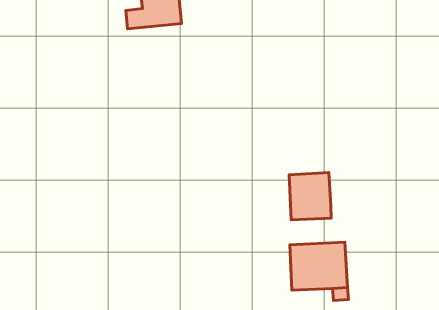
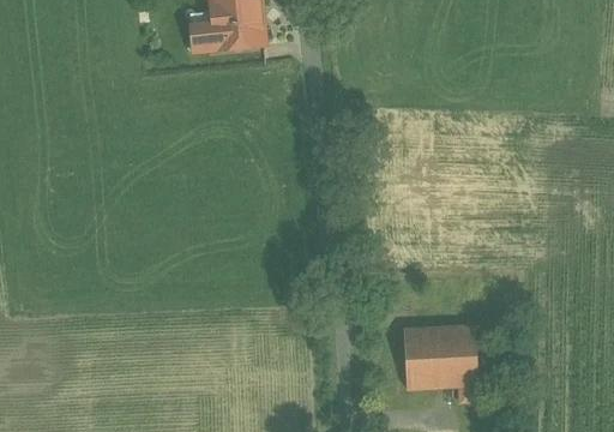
building: [289,172,331,220] -> none

